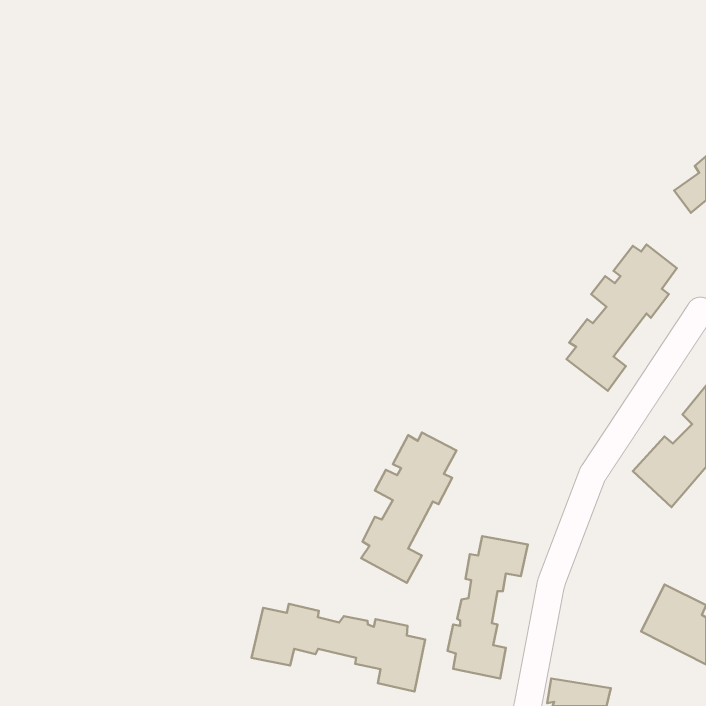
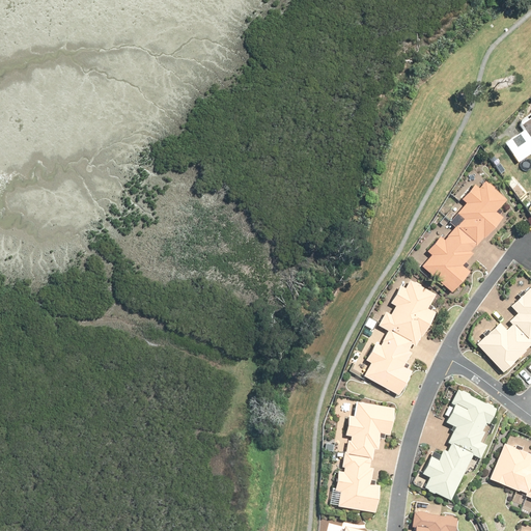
building: [361,432,456,583] -> [363,280,435,393]
building: none -> [423,386,498,498]
building: [252,604,425,691] -> none

